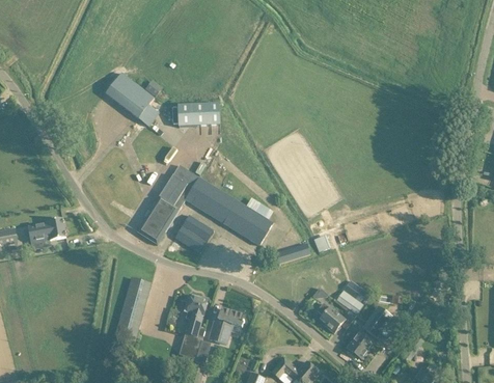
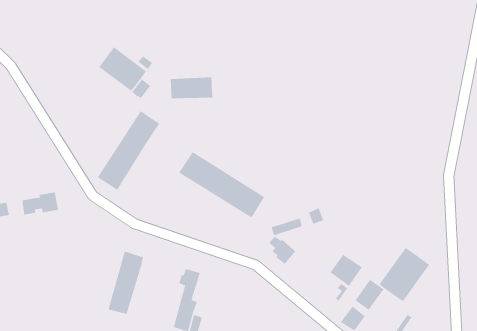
building: [136,164,199,245] -> [97,110,160,191]
building: [174,215,213,252] -> none
building: none -> [379,247,430,302]
building: [317,303,345,332] -> [268,236,296,265]
building: [209,307,245,344] -> none

